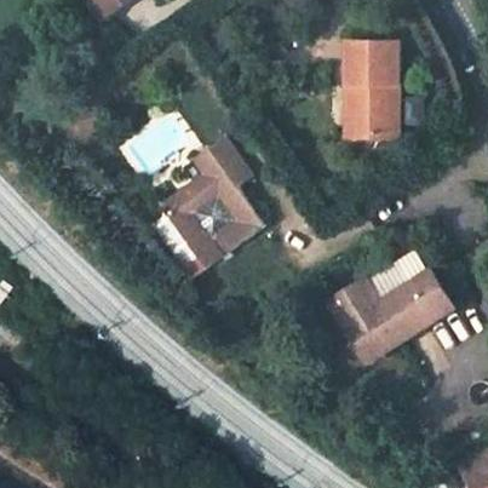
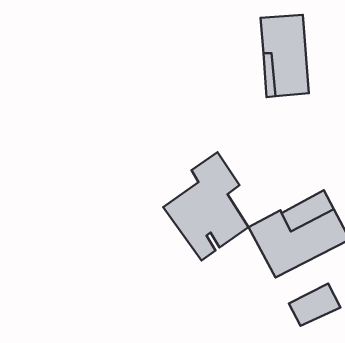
building: [159,132,262,263] -> [163,152,249,260]
building: none -> [289,283,340,326]

